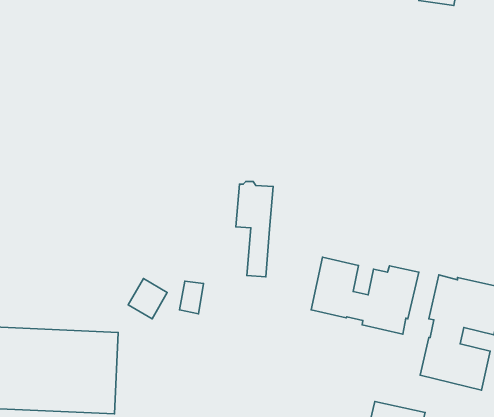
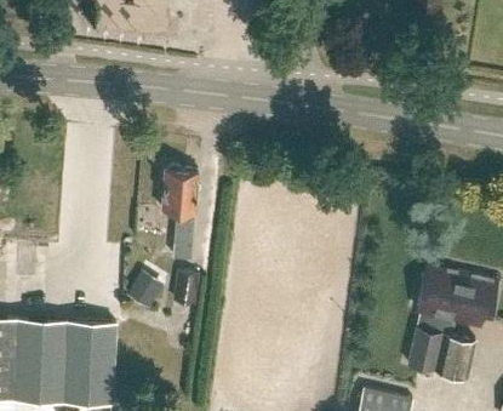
building: [236,182,273,277] -> [162,167,199,259]
building: [311,257,419,334] -> none

